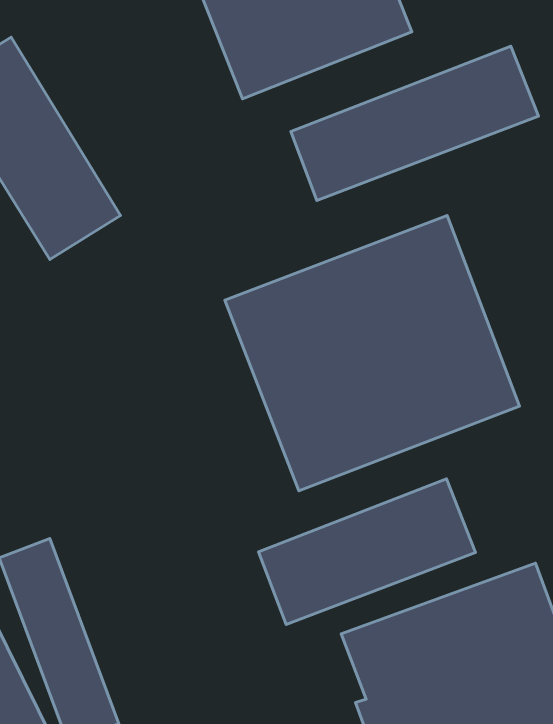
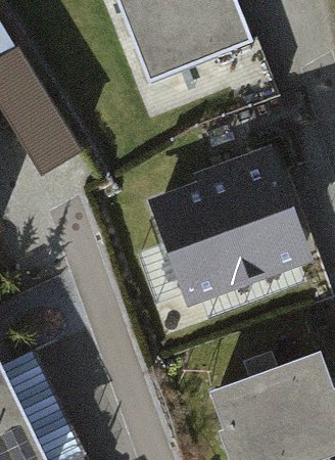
building: [291,46,538,201] -> none
building: [259,479,475,625] -> none

